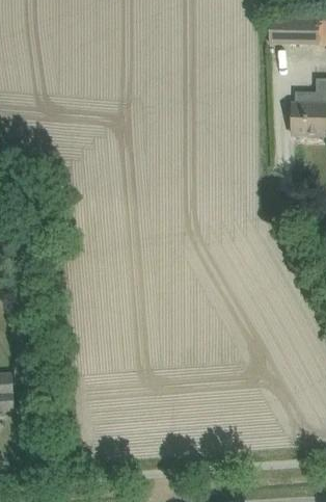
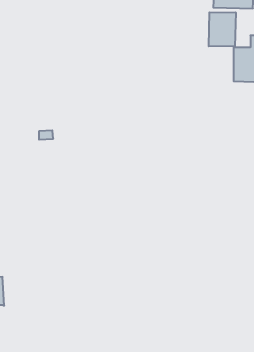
building: none -> [209,12,236,47]

